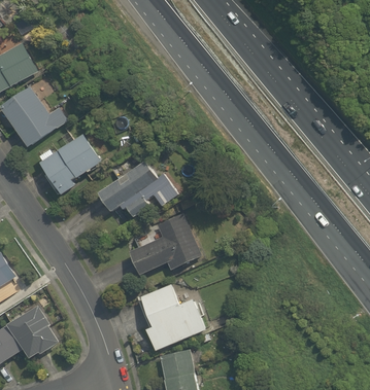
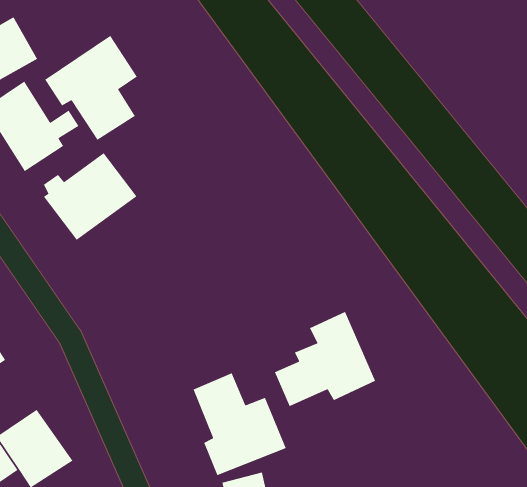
building: none -> [44,35,138,141]
building: [99,161,163,216] -> none
building: [130,209,199,274] -> [274,311,376,407]

